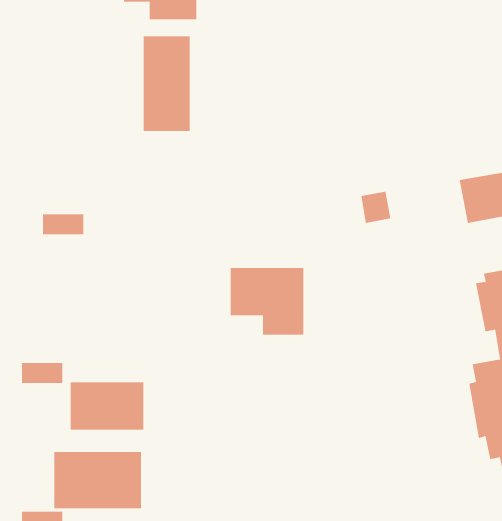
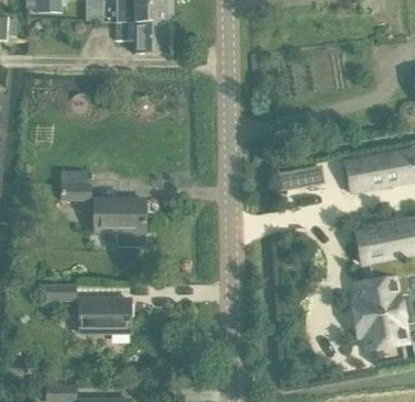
building: [143,35,190,132] -> none
building: [230,267,304,335] -> [95,198,145,244]
building: [54,451,142,509] -> none

